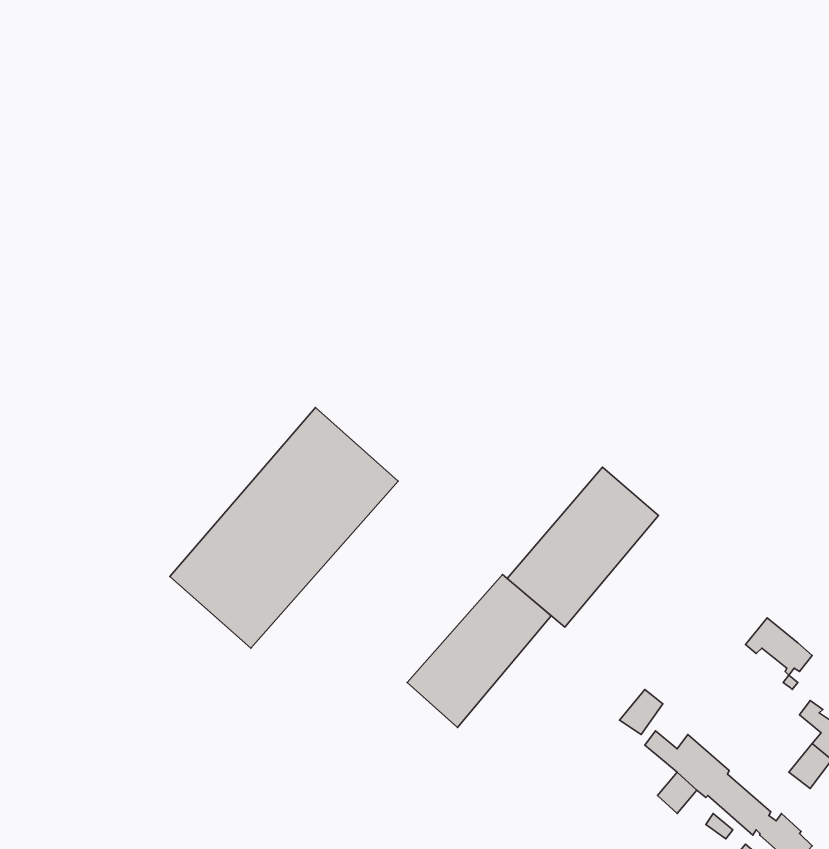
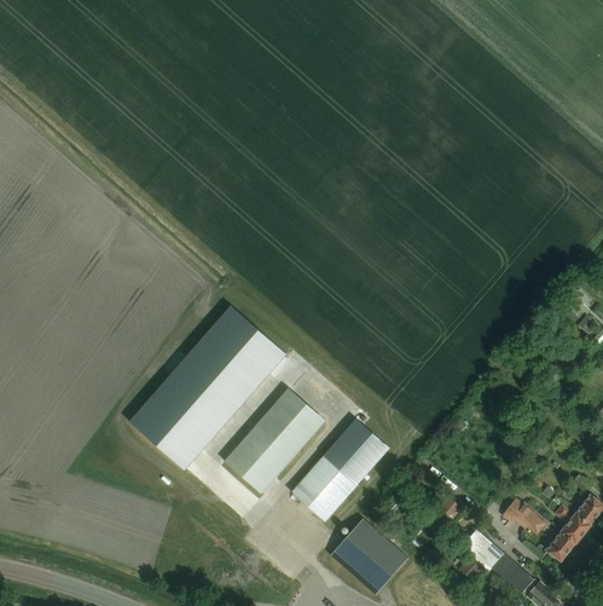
building: [507,467,658,627] -> [232,382,334,490]
building: [746,618,812,675] -> [501,497,546,536]
building: none -> [331,518,408,595]

